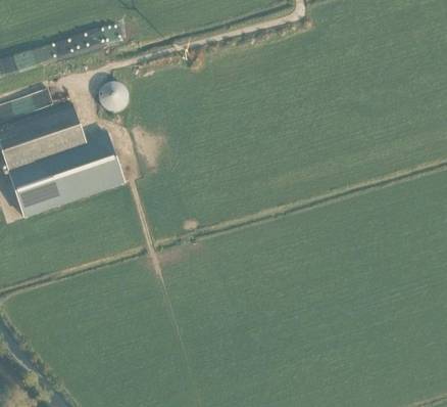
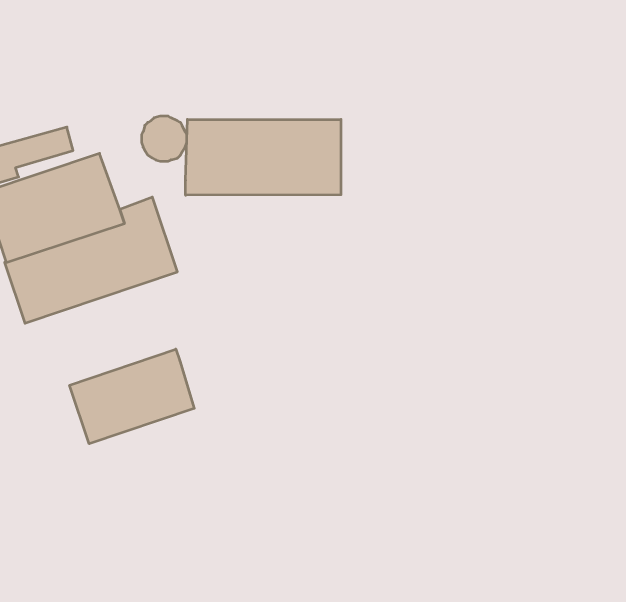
building: none -> [186,119,341,195]
building: none -> [70,349,194,444]

